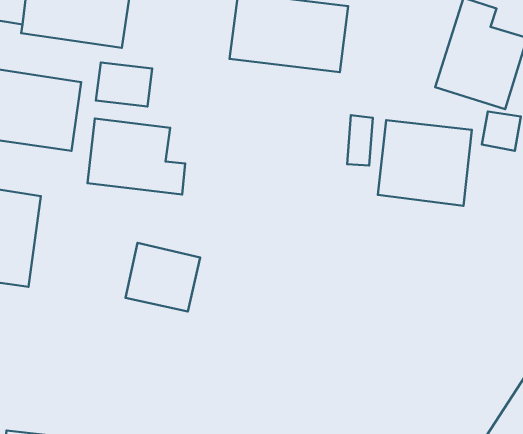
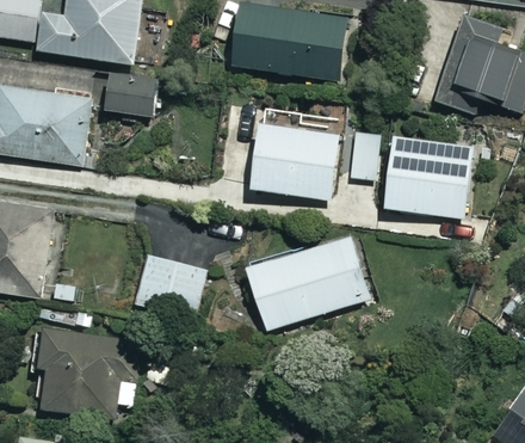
building: none -> [240,123,339,208]
building: [87,119,185,194] -> none
building: none -> [249,236,373,332]
building: none -> [31,320,142,417]

